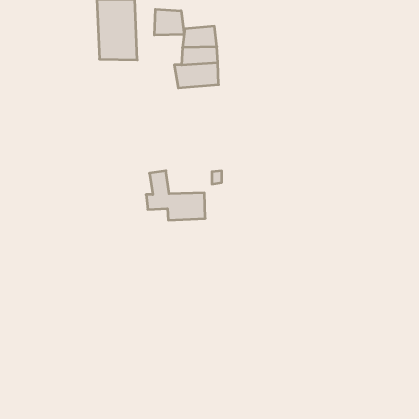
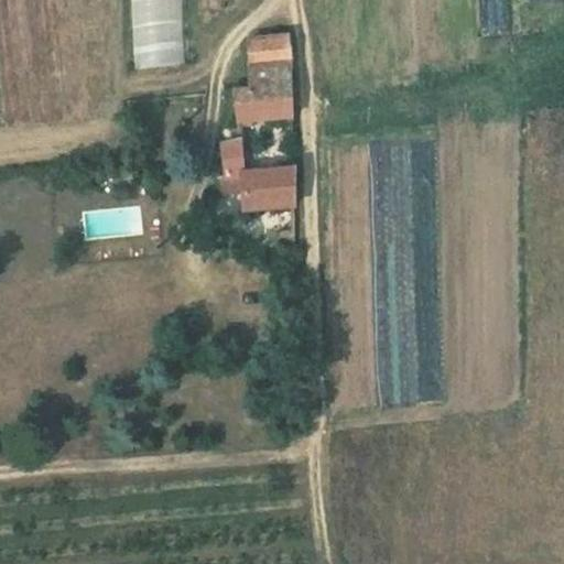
building: [154,9,184,35] -> none
building: [146,171,205,220] -> [217,140,296,206]

